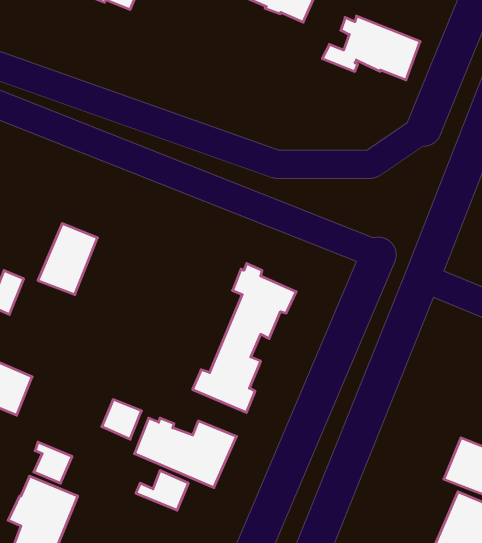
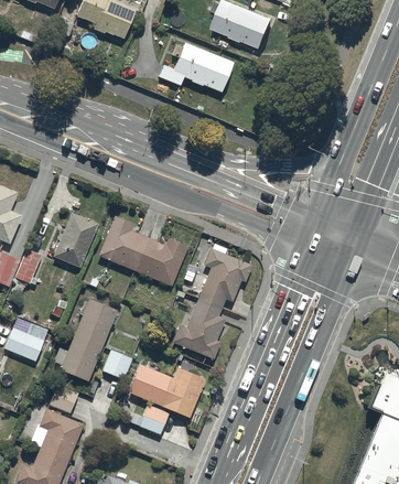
building: [322,16,420,80] -> [158,50,234,99]
building: none -> [100,215,188,286]
building: none -> [54,298,118,379]

